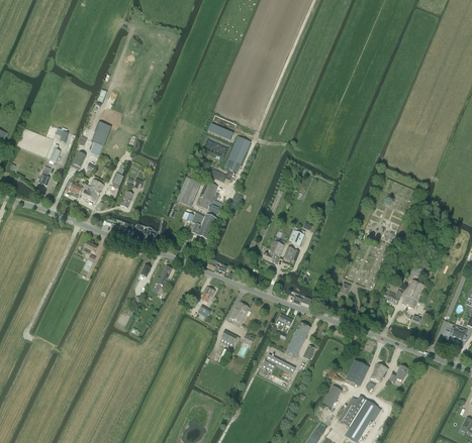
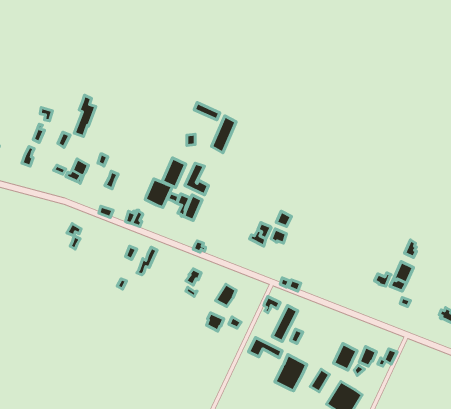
building: none -> [145,179,172,207]
building: none -> [275,355,307,391]

